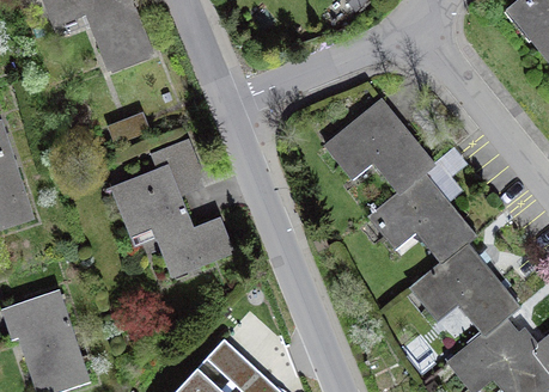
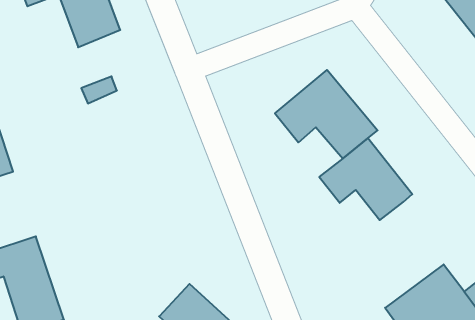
building: [110,134,233,271] -> none
building: [409,246,517,337] -> none

